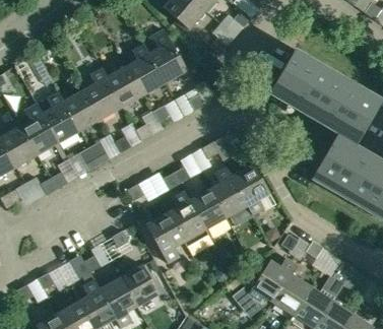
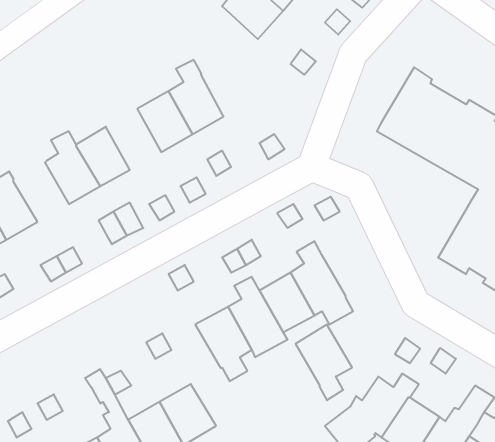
building: [150,31,188,82] -> none
building: [85,68,123,119] -> none
building: [22,102,60,154] -> none
building: [233,163,271,215] -> [296,324,352,400]

